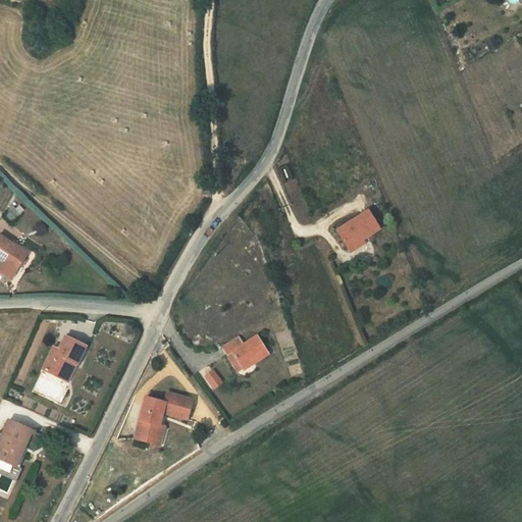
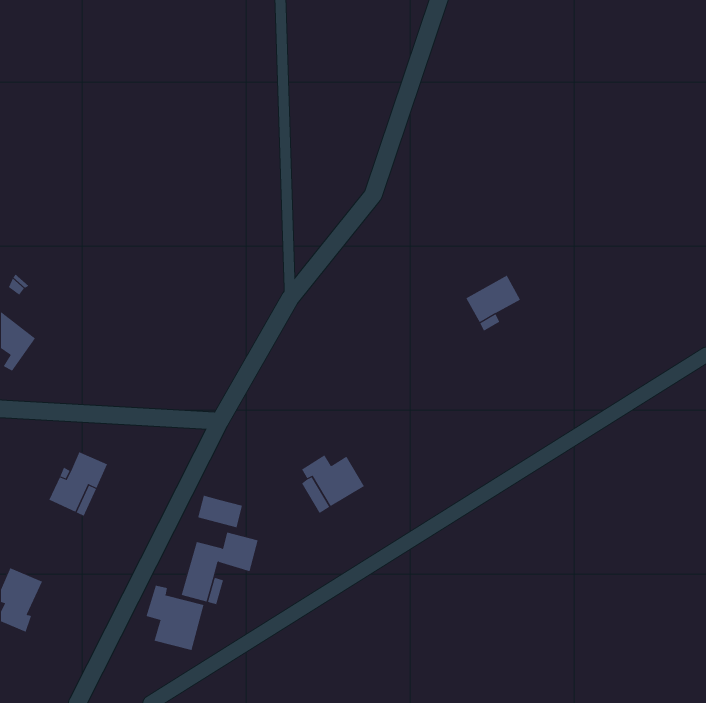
building: none -> [198,495,243,528]
building: none -> [146,585,204,651]

